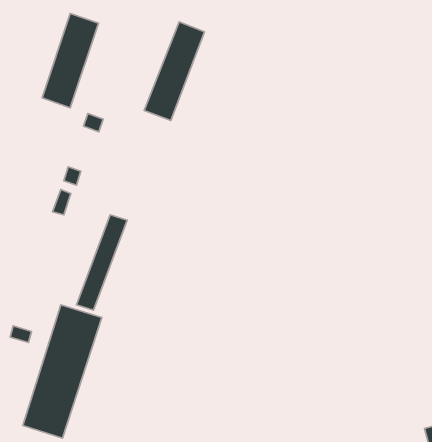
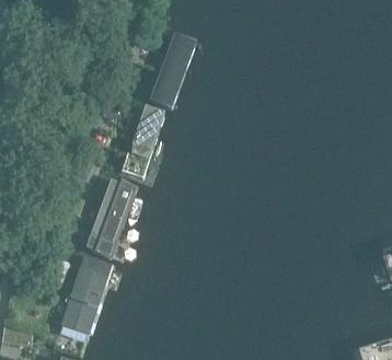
building: [42,13,98,108] -> [122,104,165,177]

